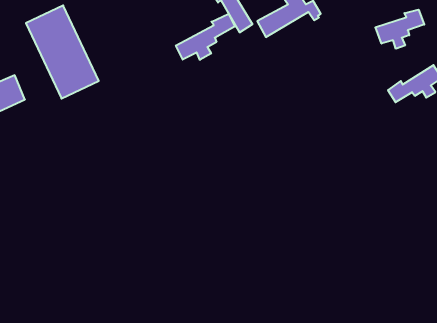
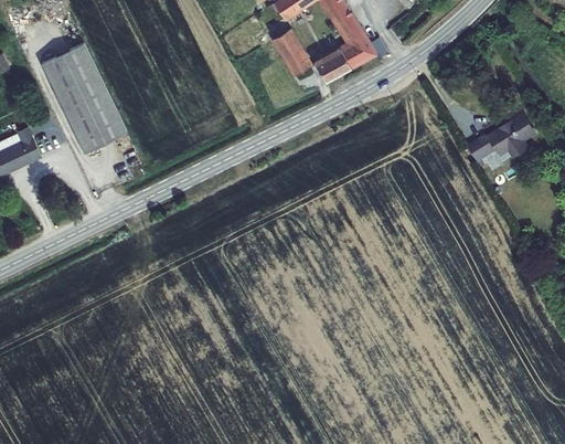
building: [375,10,424,49] -> none
building: [176,14,235,60] -> none

